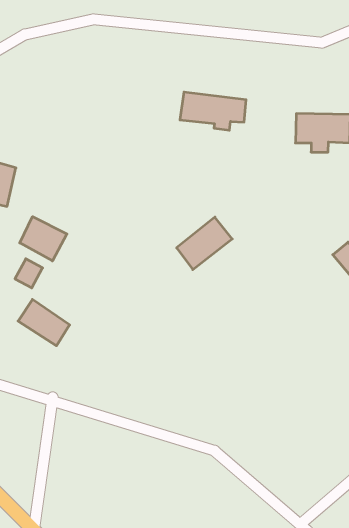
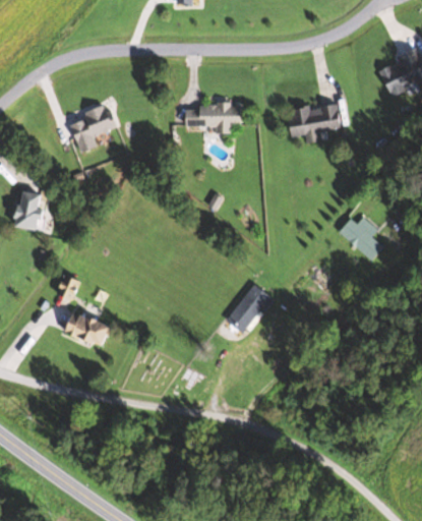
building: none -> [71,104,115,152]
building: [20,217,67,261] -> none
building: [177,217,232,270] -> [225,284,274,334]

